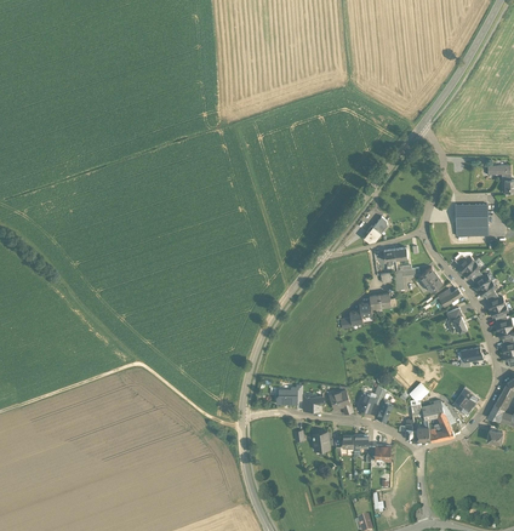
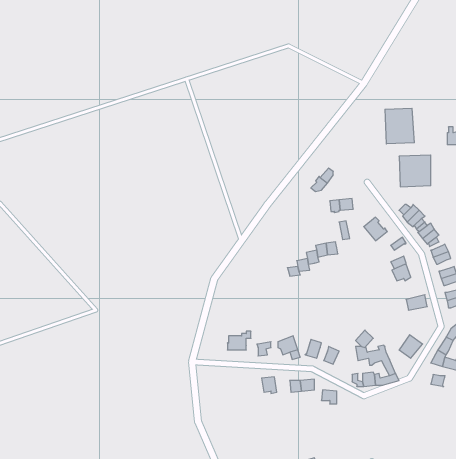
building: none -> [385,108,414,144]

